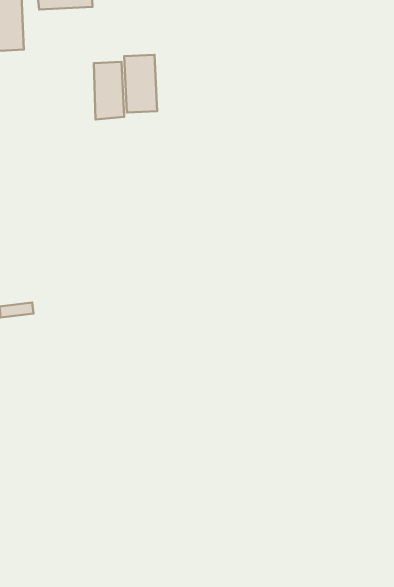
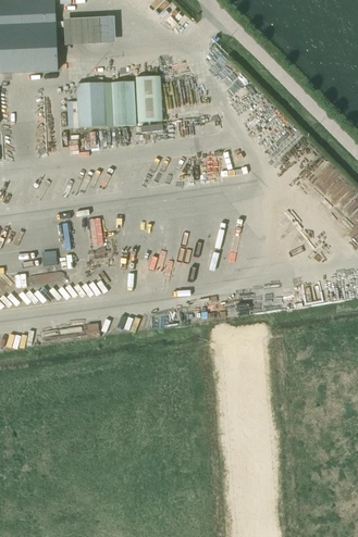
building: none -> [76,83,104,128]

